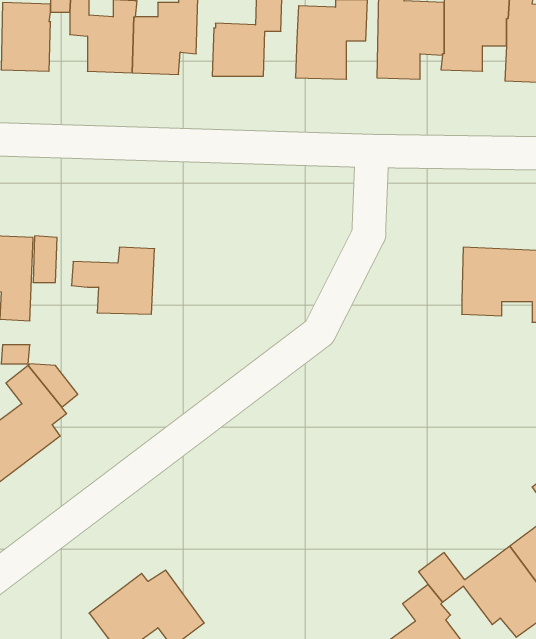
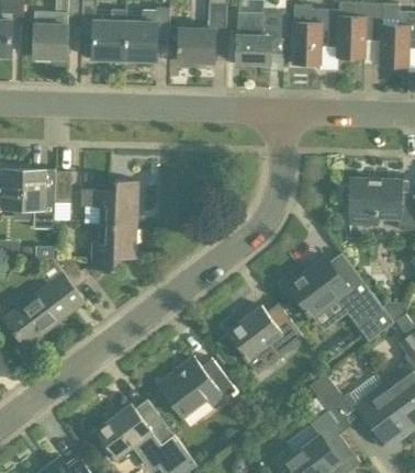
building: none -> [90,224,136,270]
building: none -> [288,254,391,339]
building: none -> [226,302,303,372]
building: none -> [161,357,236,418]

